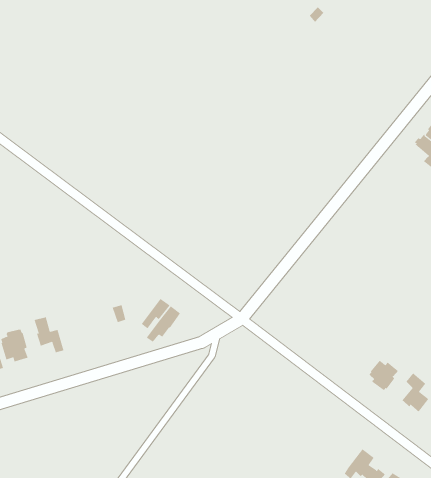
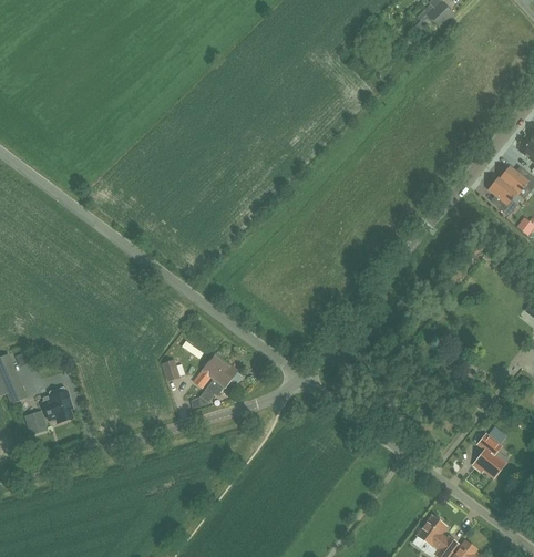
building: [34,316,64,353] -> none
building: [369,360,399,391] -> none

